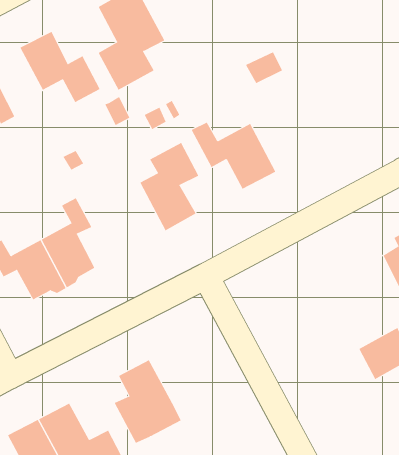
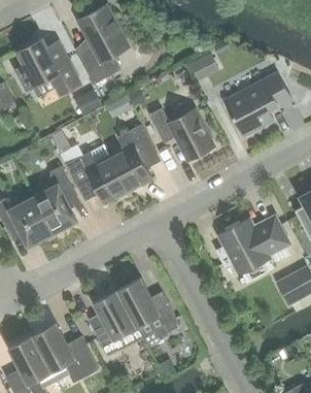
building: none -> [224,72,291,135]
building: none -> [65,144,129,204]
building: none -> [217,219,286,276]
building: none -> [116,277,179,345]

